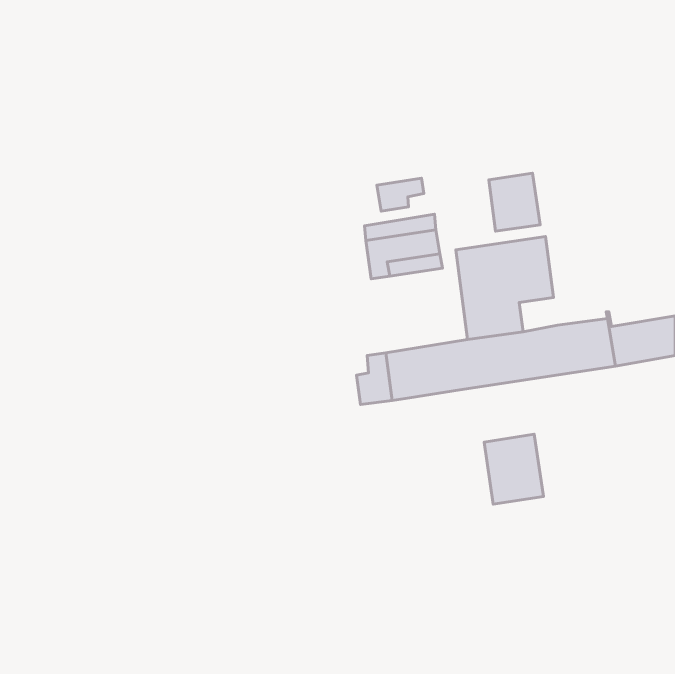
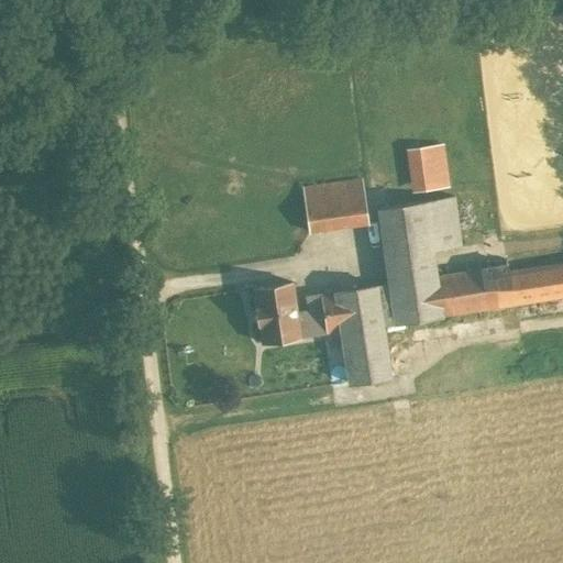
building: [377,178,424,211] -> none
building: none -> [253,284,300,344]
building: [484,434,543,504] -> [341,325,390,384]

